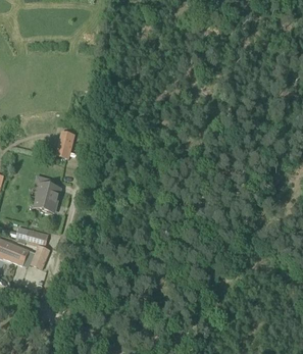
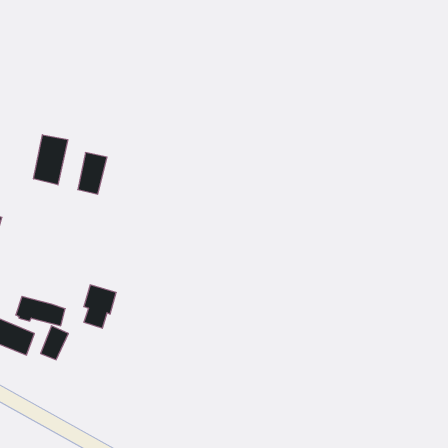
building: none -> [34,135,68,185]
building: [38,183,59,211] -> [84,285,116,328]

